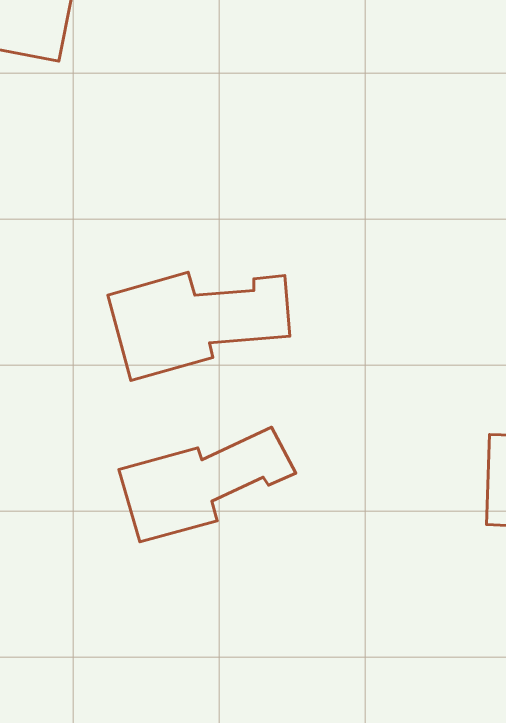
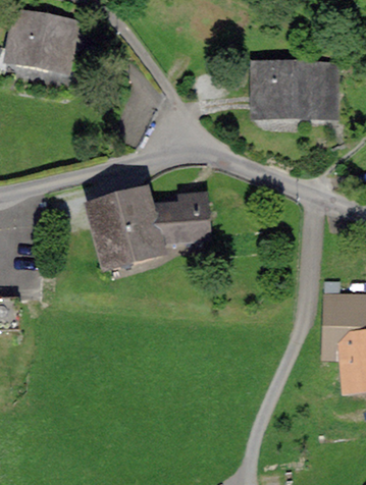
building: none -> [261,70,328,112]
building: [119,427,296,542] -> none

